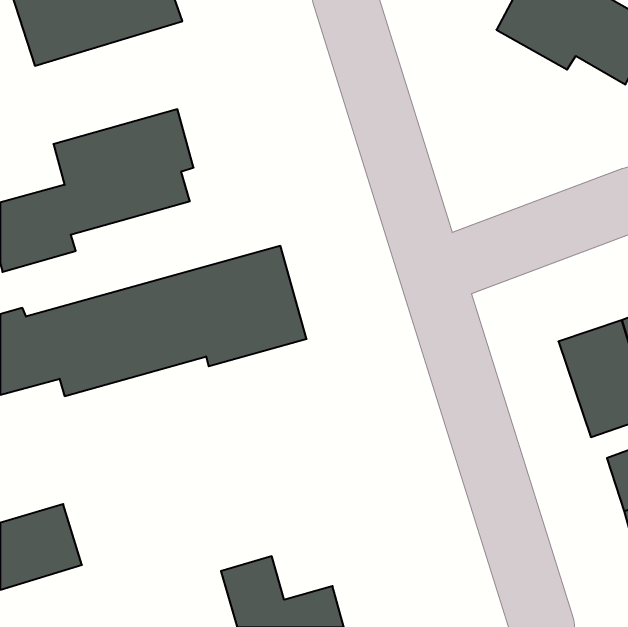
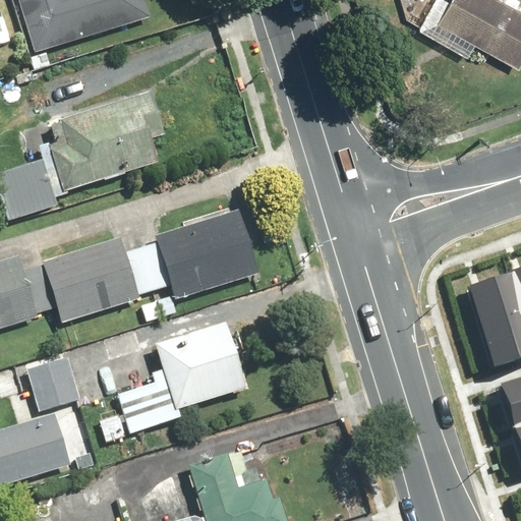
building: none -> [115,319,248,436]
building: none -> [24,353,80,412]

